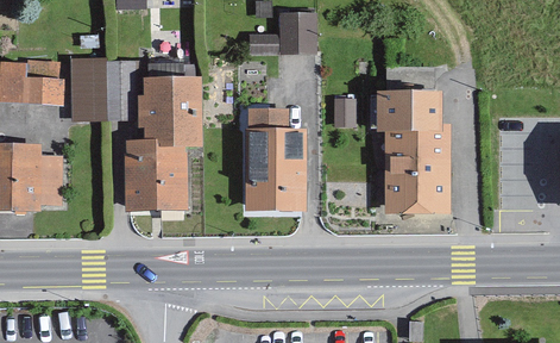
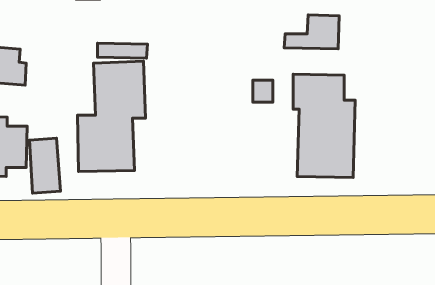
building: [248,12,314,52] -> [284,15,339,49]
building: [69,55,106,120] -> [30,138,61,193]
building: [241,105,304,210] -> none

